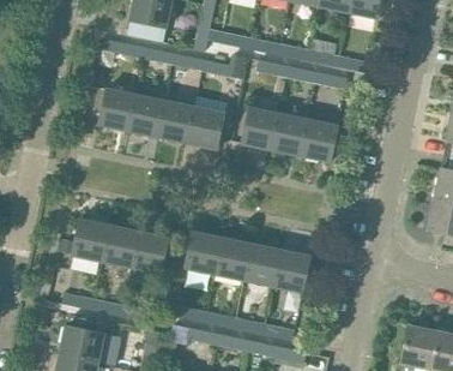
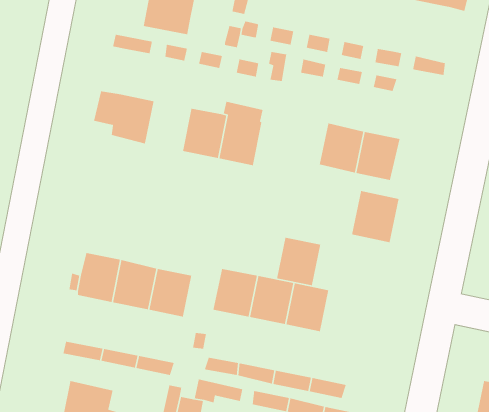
building: [129,95,167,137] -> none
building: [242,107,279,148] -> none
building: none -> [351,190,399,243]
building: [273,251,310,292] -> [276,237,321,286]

